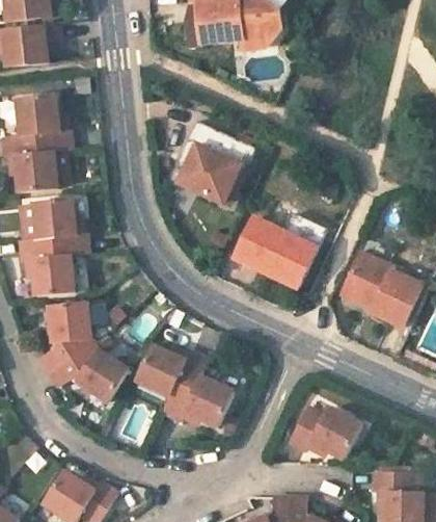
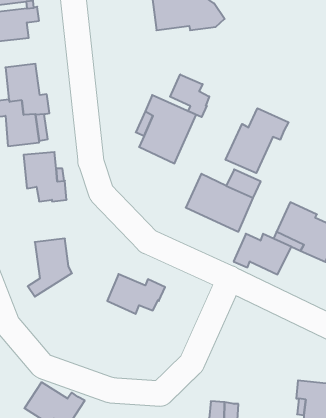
building: none -> [170,74,209,117]
building: none -> [226,108,289,173]
building: [25,238,76,295] -> none
building: [51,342,130,396] -> none
building: [164,374,234,420] -> none
building: [288,403,357,452] -> [234,234,291,274]

